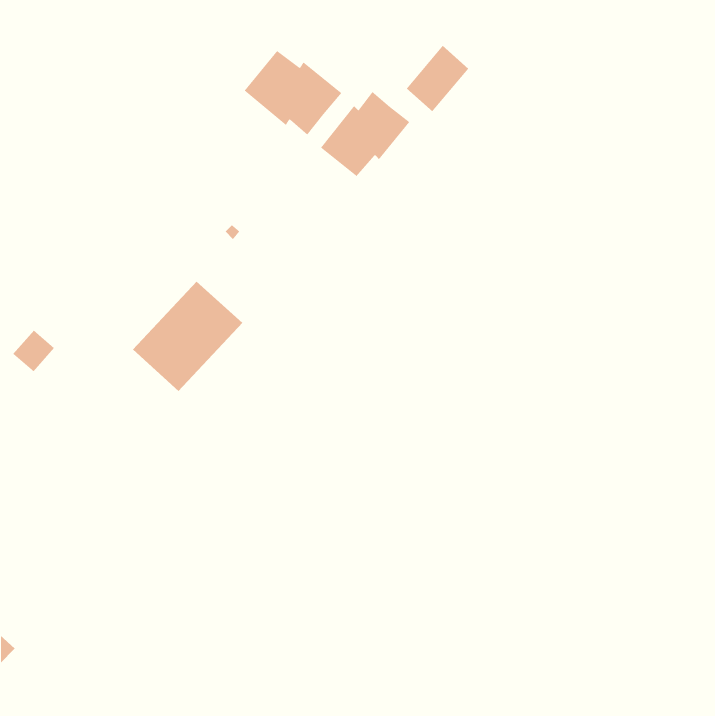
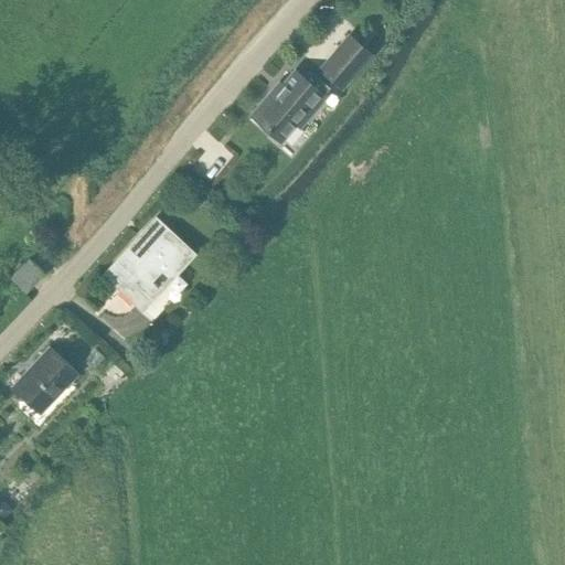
building: [244,50,342,136] -> none
building: none -> [13,348,78,415]

